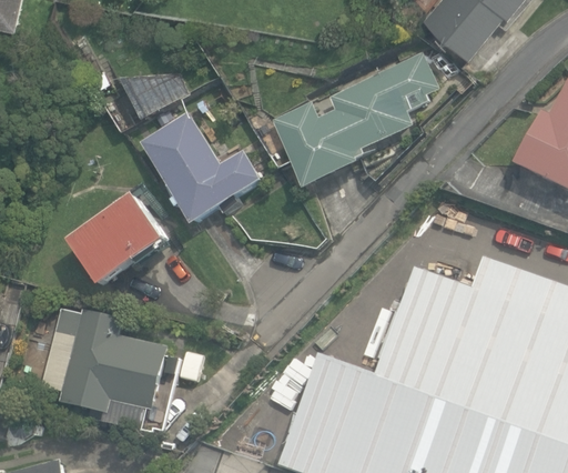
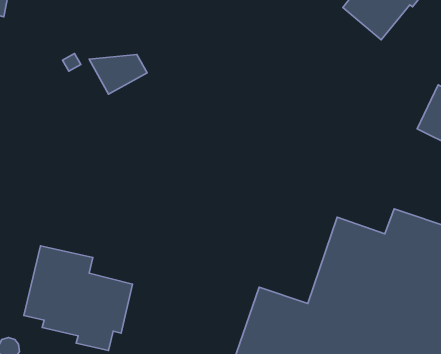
building: [272,52,436,188] -> none
building: [140,112,260,223] -> none
building: [69,194,165,286] -> none

